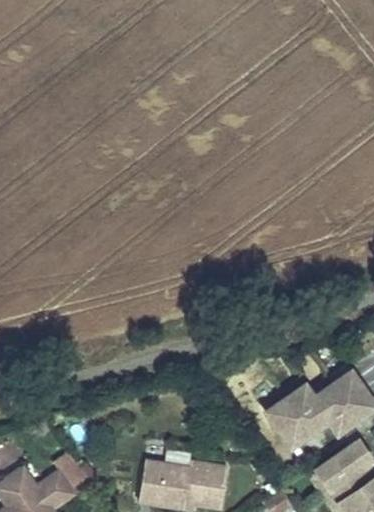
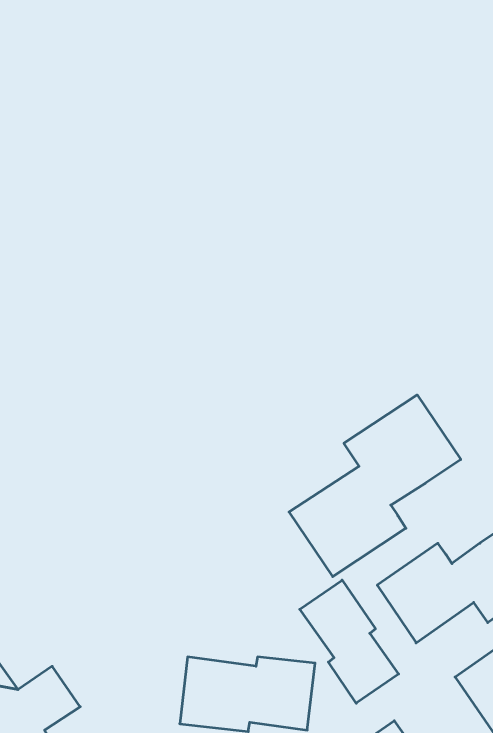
building: none -> [289,395,461,577]
building: none -> [300,580,399,703]

